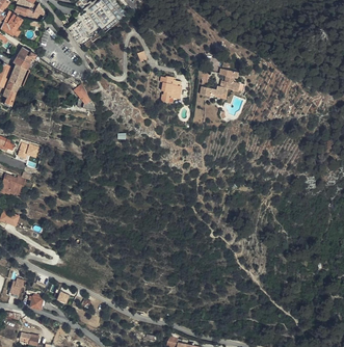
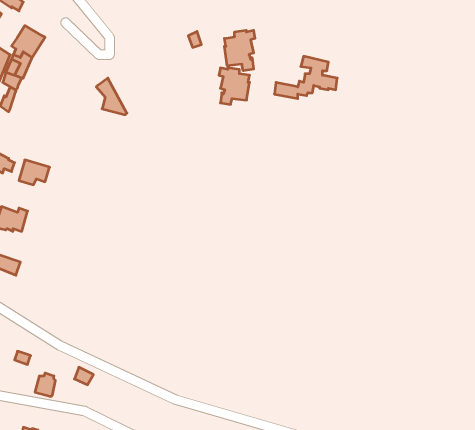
building: none -> [224,30,255,71]

